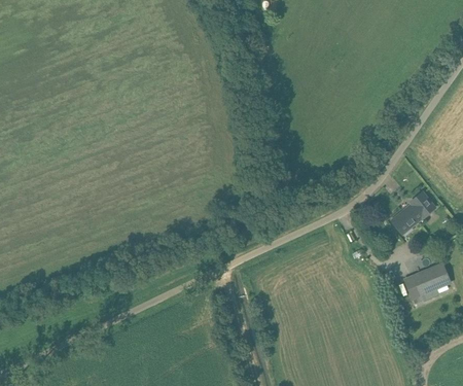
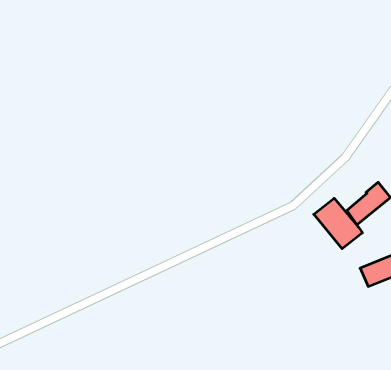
building: none -> [314,198,362,249]

